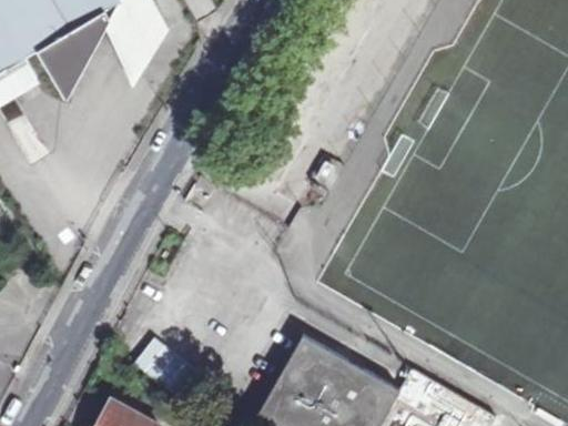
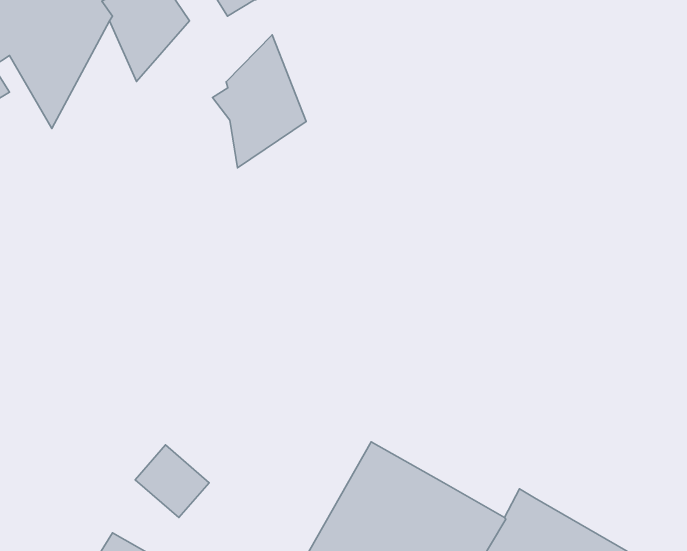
building: none -> [212,35,306,168]

